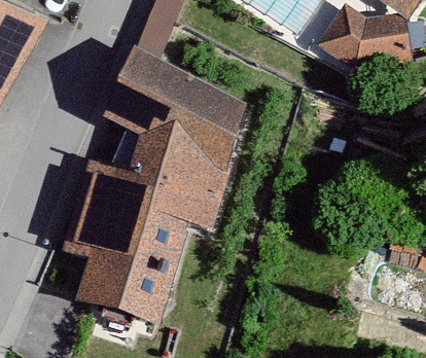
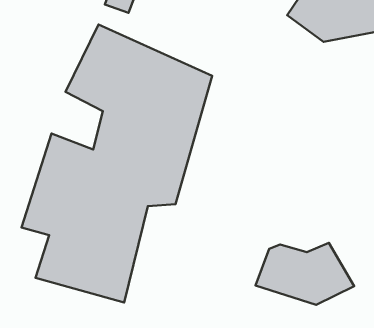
building: none -> [256,243,354,305]

